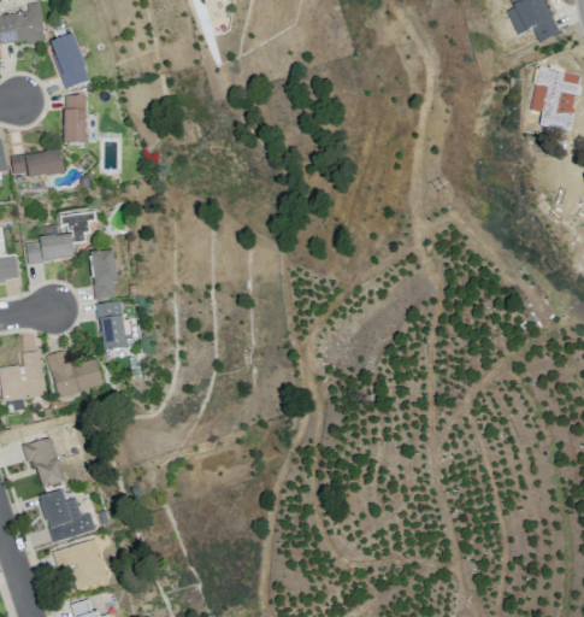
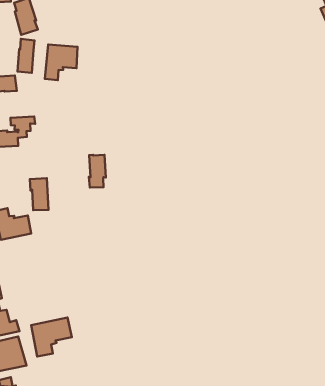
building: none -> [45,44,78,80]
building: [90,247,118,298] -> [89,155,106,188]
building: none -> [31,318,72,357]

